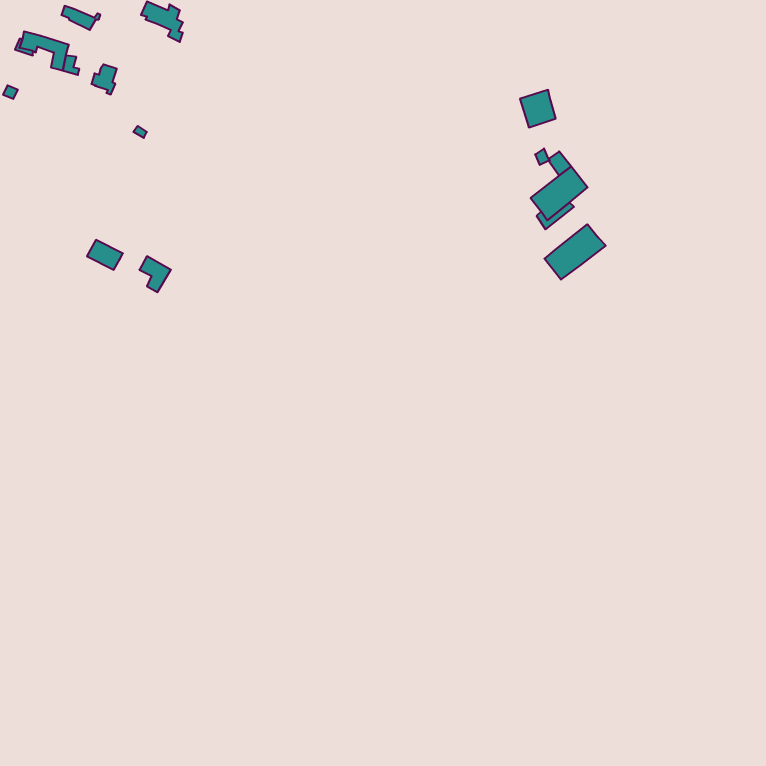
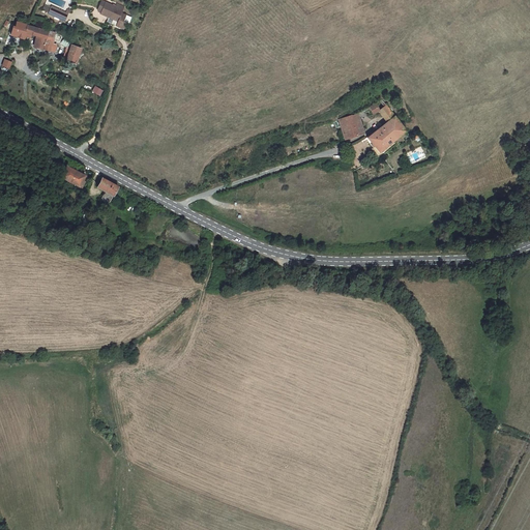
building: [520,90,556,127] -> [338,113,363,139]
building: [544,224,606,280] -> none

